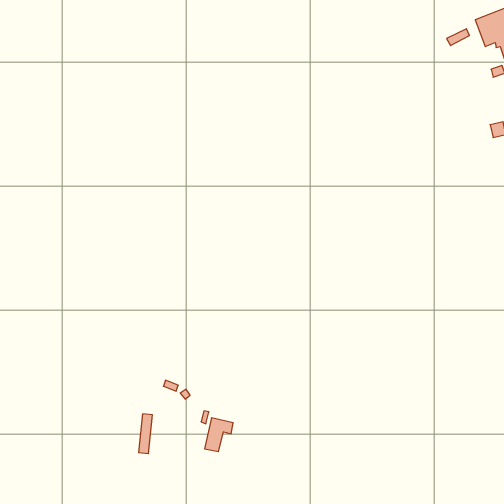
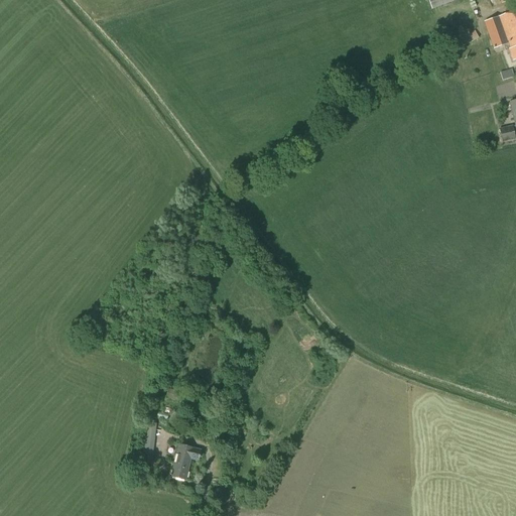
building: [205,418,233,452] -> [173,443,203,478]

